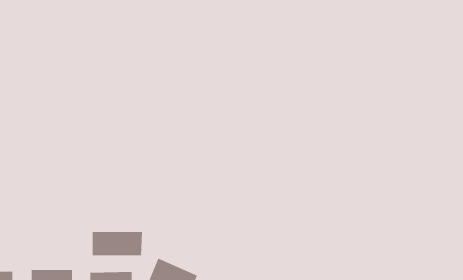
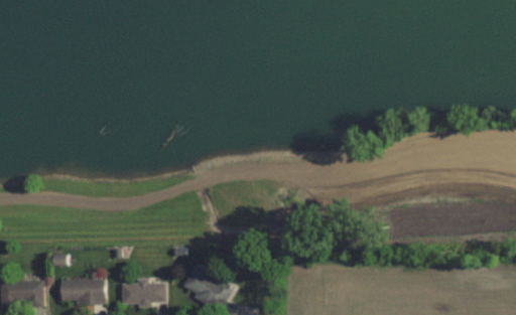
building: [92,231,142,256] -> none

